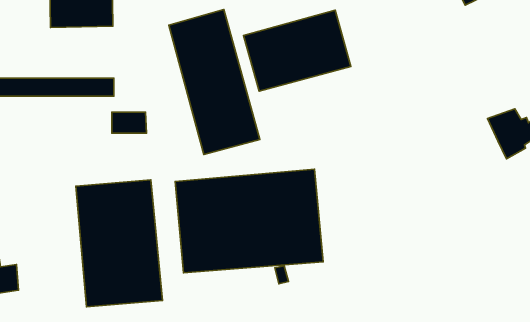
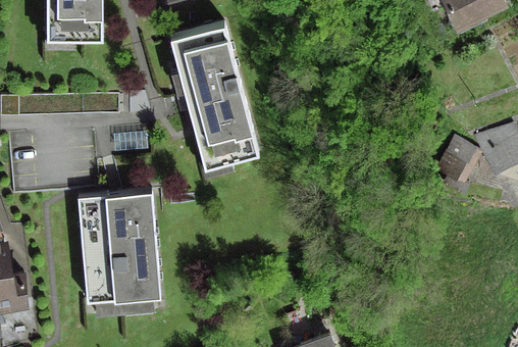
building: [244,10,351,91] -> none
building: none -> [435,137,476,190]
building: [175,169,323,273] -> none

